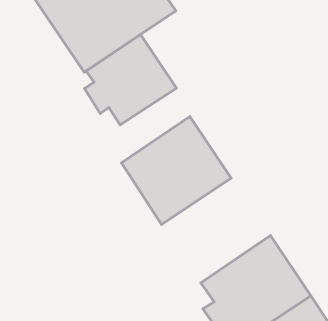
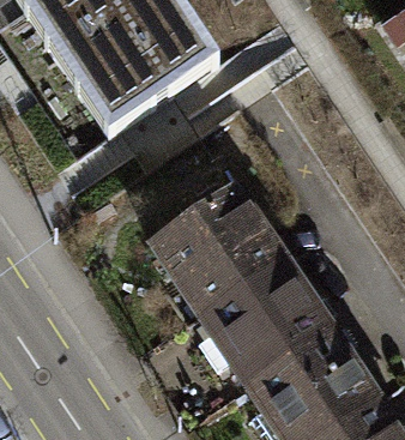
building: [84,34,176,125] -> none
building: none -> [205,255,334,380]

